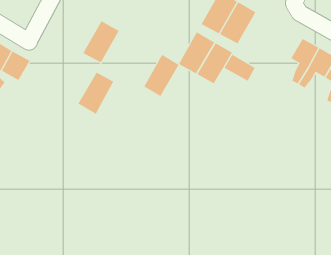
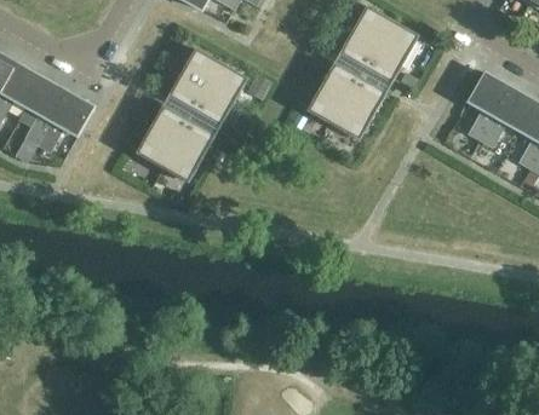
building: [224,54,255,81] -> none
building: [143,54,179,97] -> [195,63,247,125]
building: none -> [136,106,188,168]

